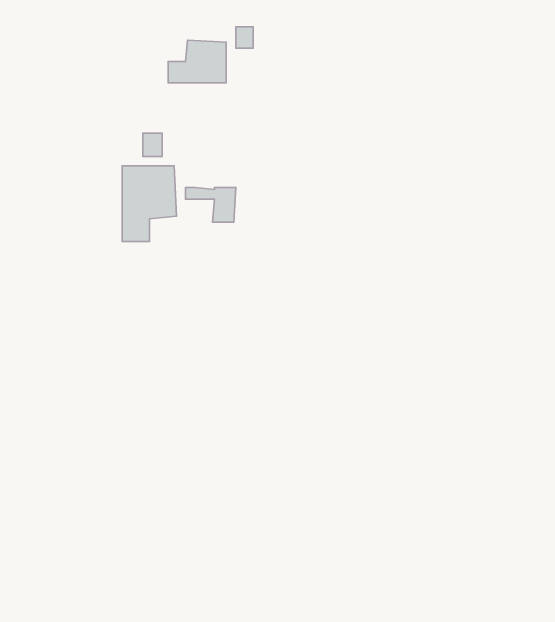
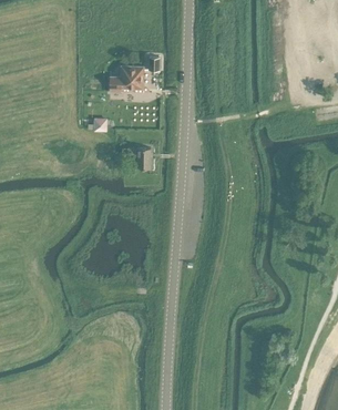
building: [122,166,177,241] -> none

